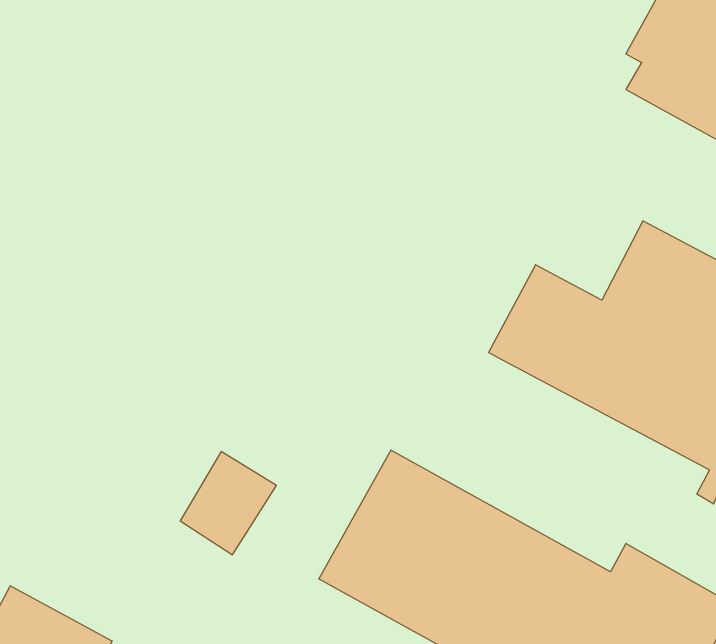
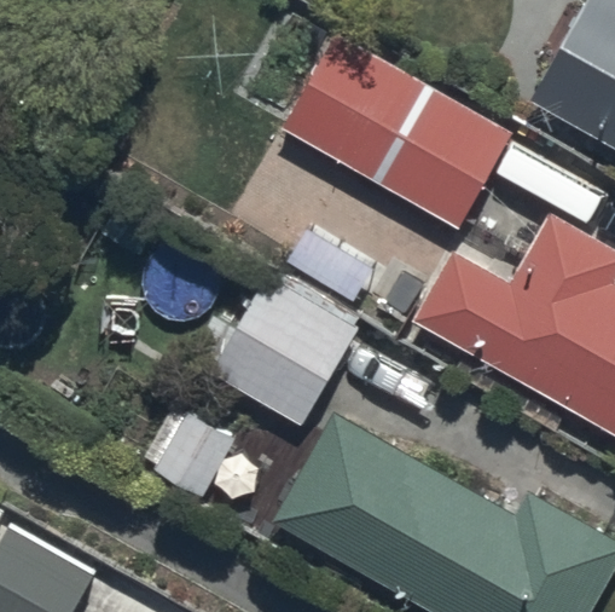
building: none -> [286,37,512,227]
building: none -> [211,275,361,428]

